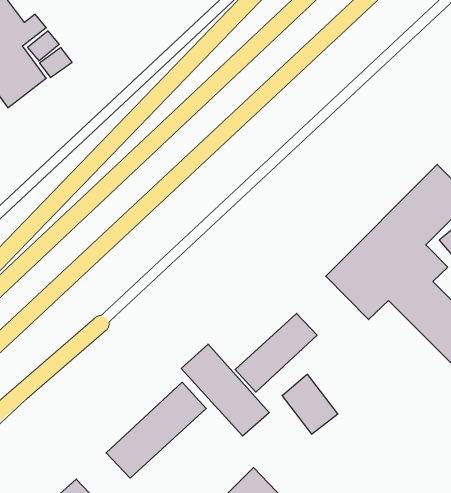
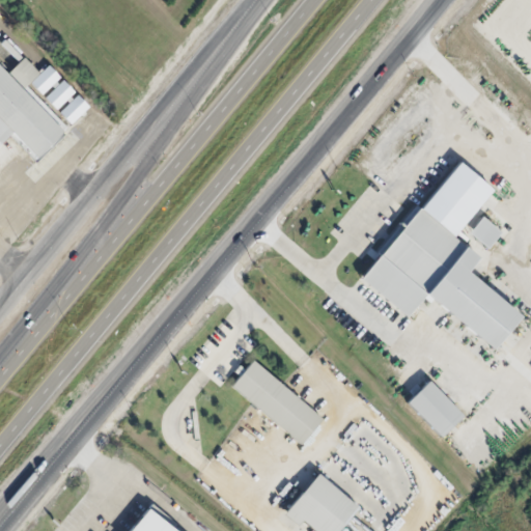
building: [235,313,317,392] -> none
building: [282,374,338,434] -> [412,381,468,438]
building: [106,382,206,478] -> none

